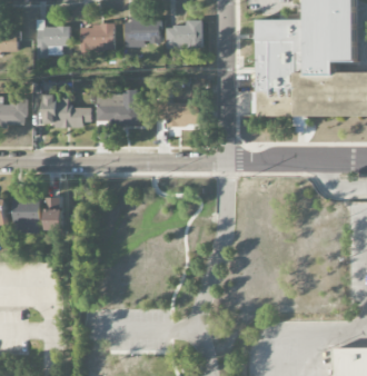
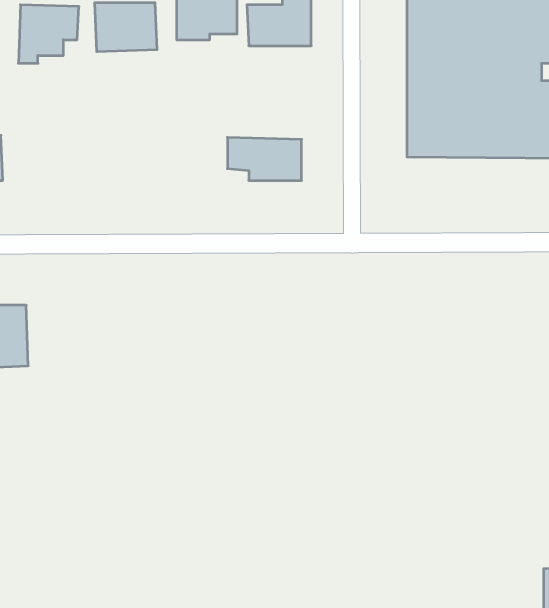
building: [43,82,91,126] -> none
building: [96,90,142,127] -> none
building: [44,198,62,234] -> none

